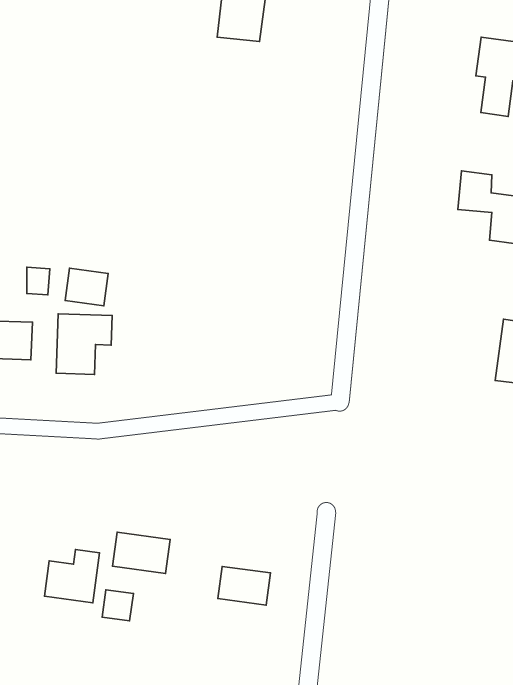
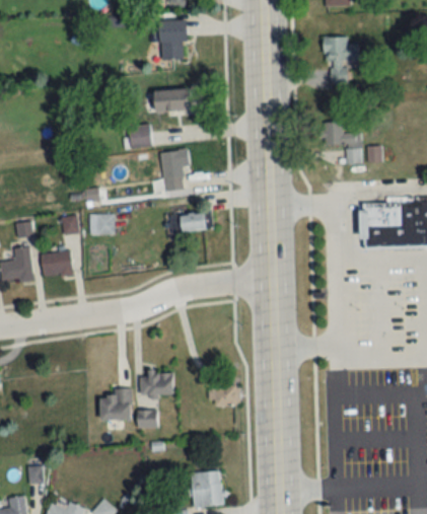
building: none -> [154,88,193,112]
building: none -> [130,124,151,146]
building: none -> [160,148,189,191]
building: none -> [169,211,208,233]
building: [56,314,112,374] -> none

